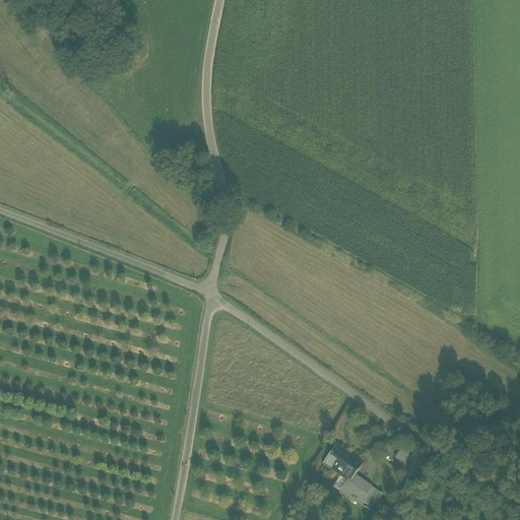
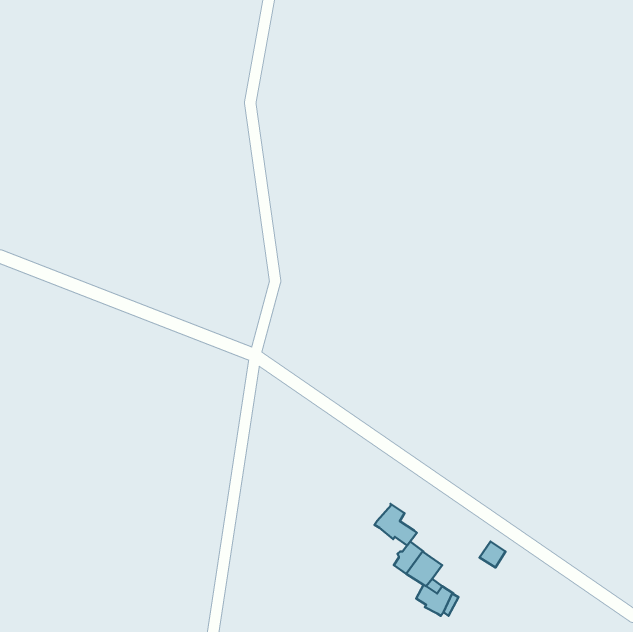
building: none -> [375,504,417,545]

